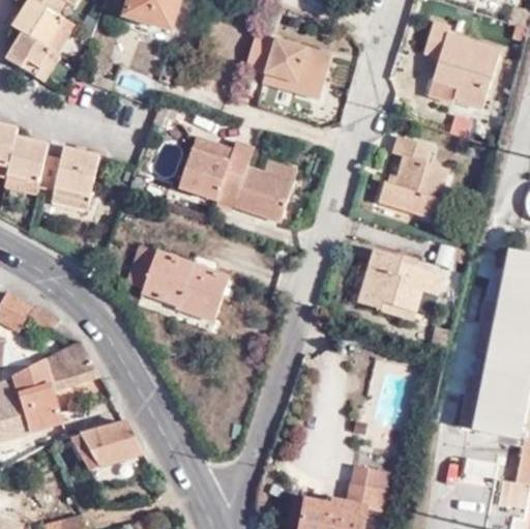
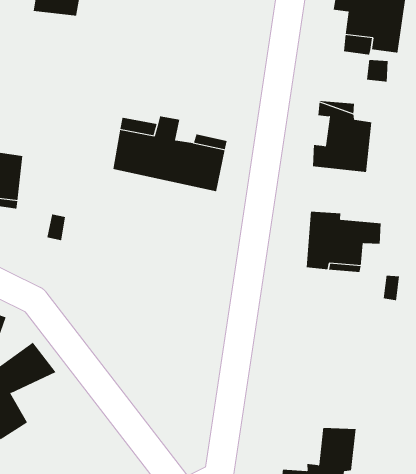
building: [247,30,334,101] -> none
building: [127,243,229,318] -> none
building: [72,421,148,467] -> none

